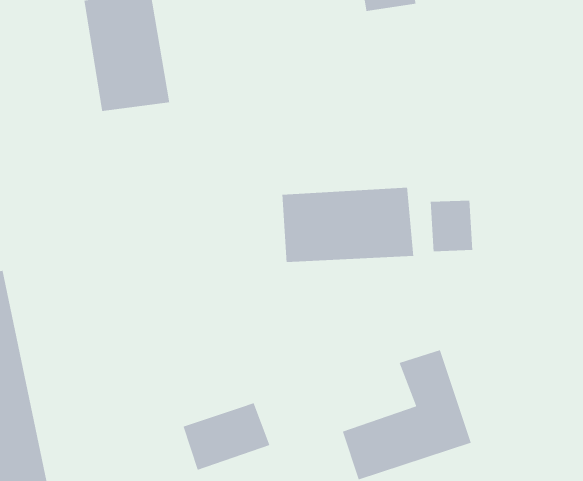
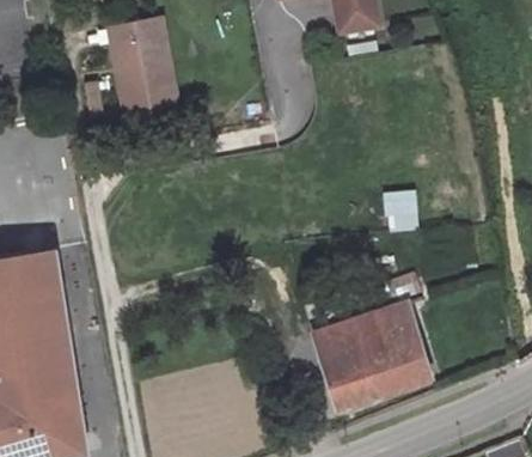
building: [282,187,414,263] -> none
building: [182,402,270,471] -> [307,318,378,373]

